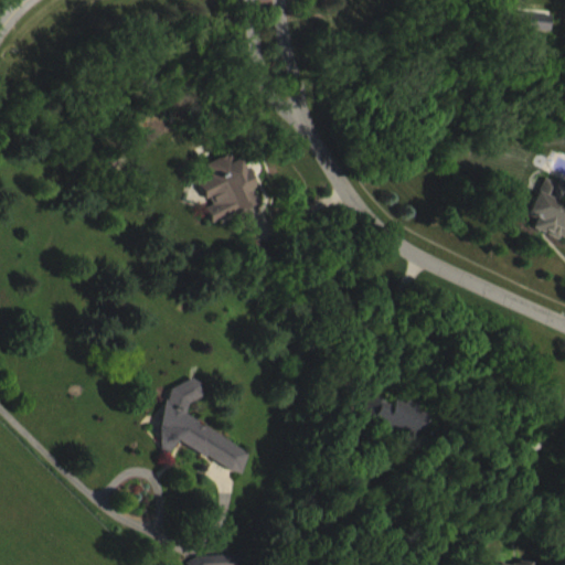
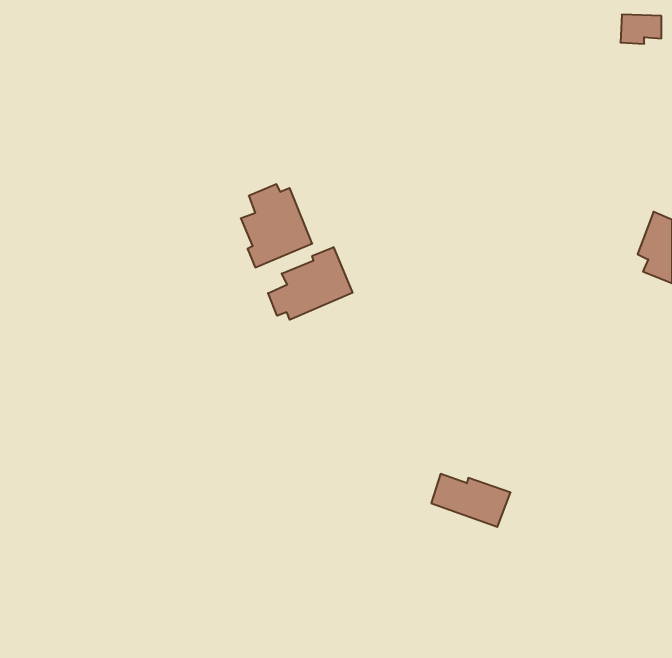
building: none -> [268,247,353,320]
building: [157,373,252,473] -> none

